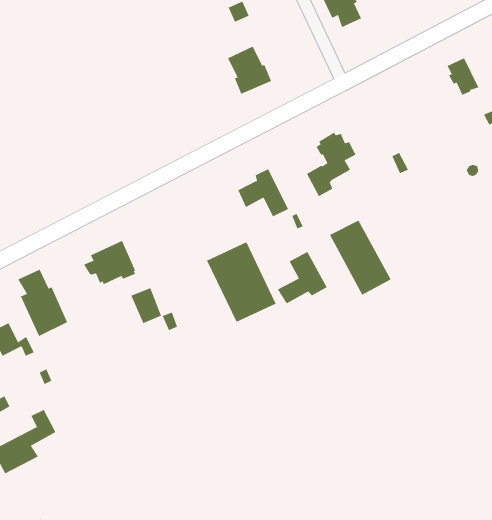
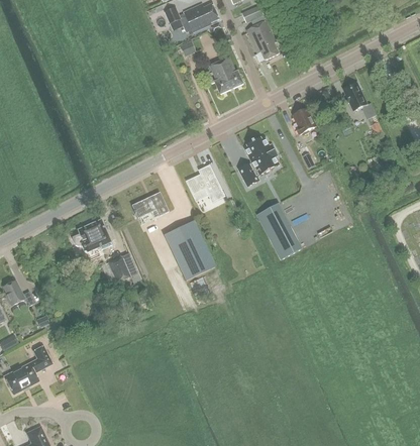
building: [227,46,272,95] -> [210,57,243,93]
building: none -> [293,106,317,134]
building: none -> [131,191,169,217]
building: [277,251,327,304] -> none
building: [18,269,68,337] -> none

